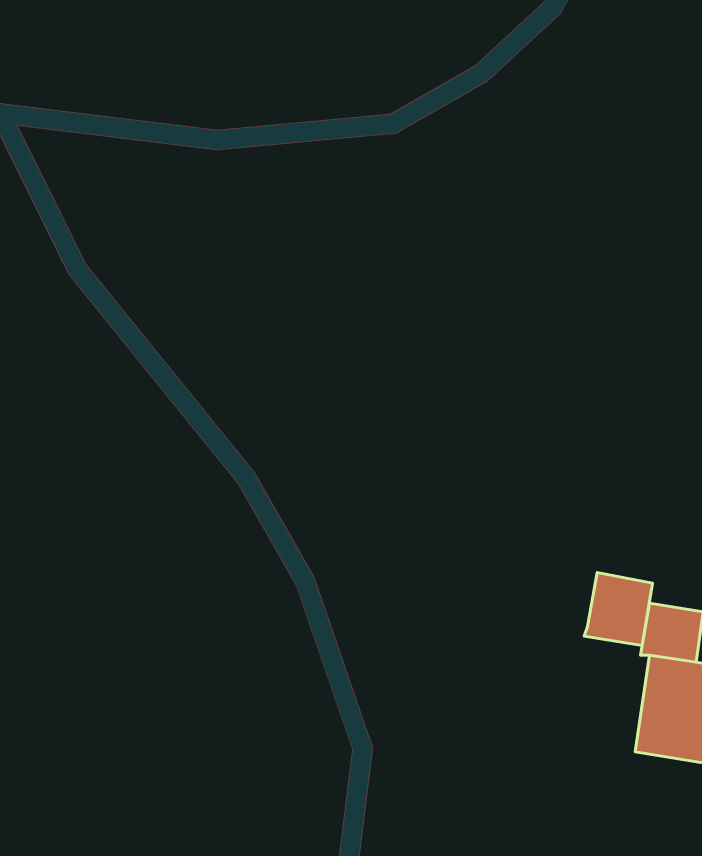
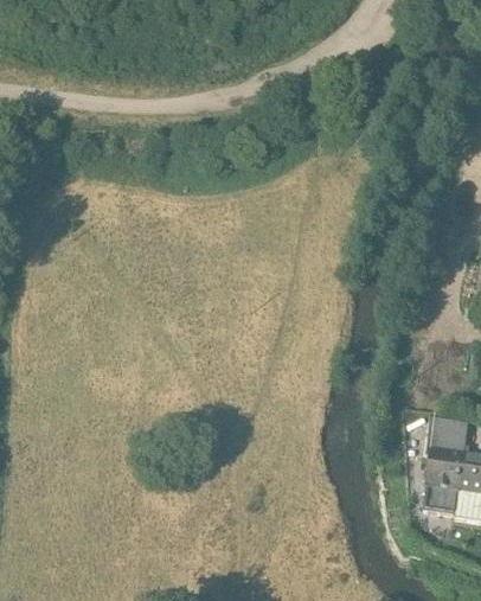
building: [584,572,653,646] -> none

